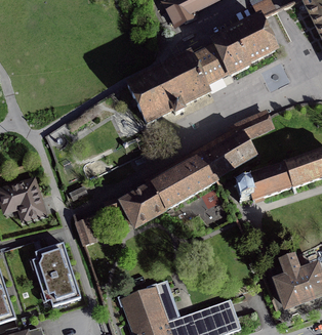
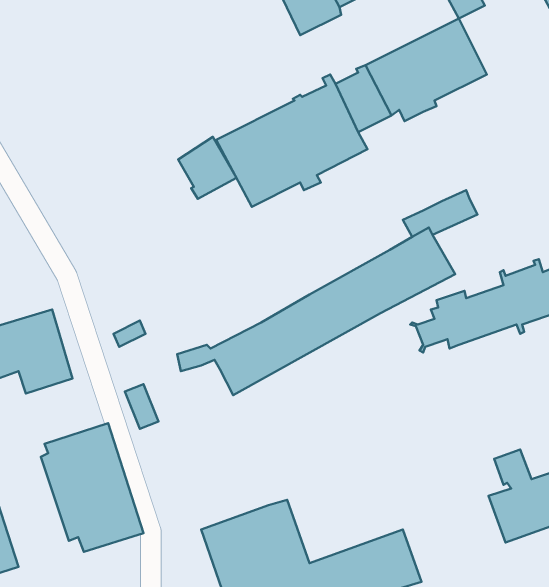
building: none -> [178,137,236,199]

